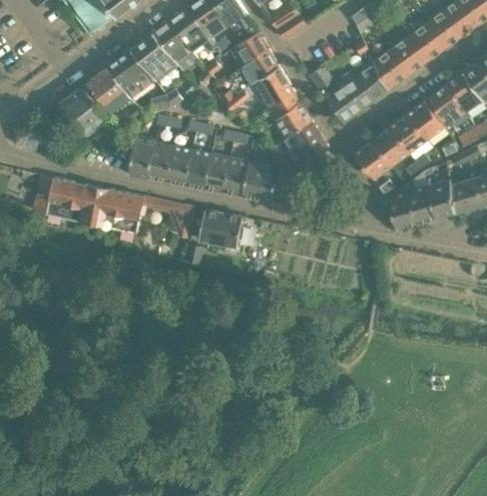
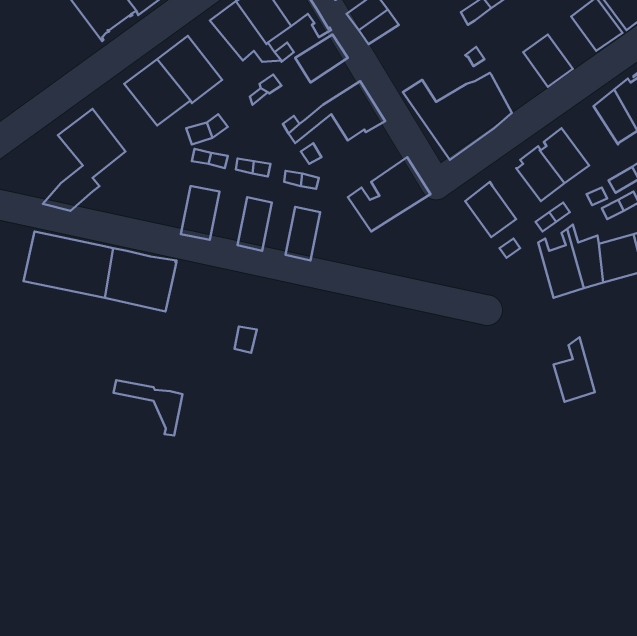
building: [415,18,450,56] -> none
building: [153,21,199,71] -> none
building: [374,44,415,88] -> none
building: [227,48,279,93] -> none
building: [88,67,139,113] -> none
building: [428,83,466,126] -> none
building: [270,94,313,139] -> none
building: [375,125,410,165] -> none
building: [128,135,156,176] -> none
building: [169,145,196,184] -> none
building: [207,153,231,191] -> none
building: [242,160,276,201] -> none
building: [389,182,419,229] -> [553,337,595,402]
building: [143,196,193,236] -> [113,380,182,435]
building: [199,208,243,246] -> none

